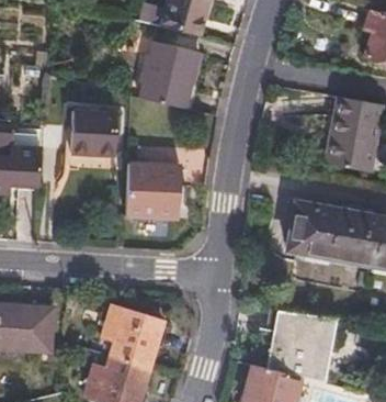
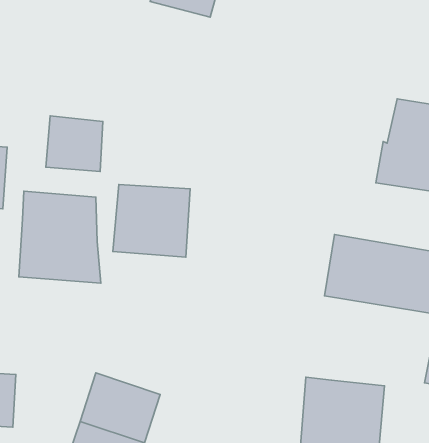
building: [139,40,197,109] -> none
building: none -> [19,191,101,283]

